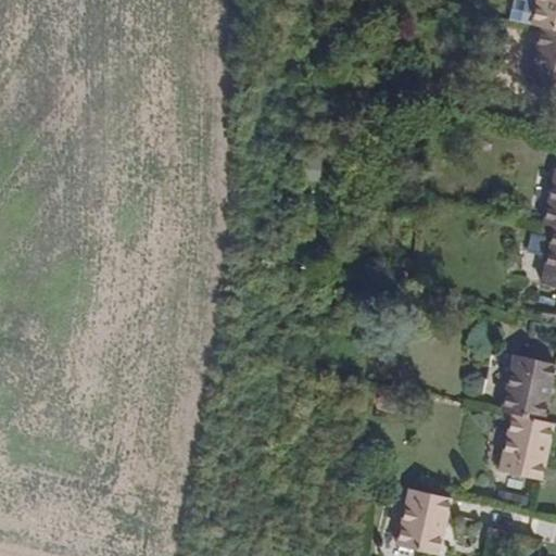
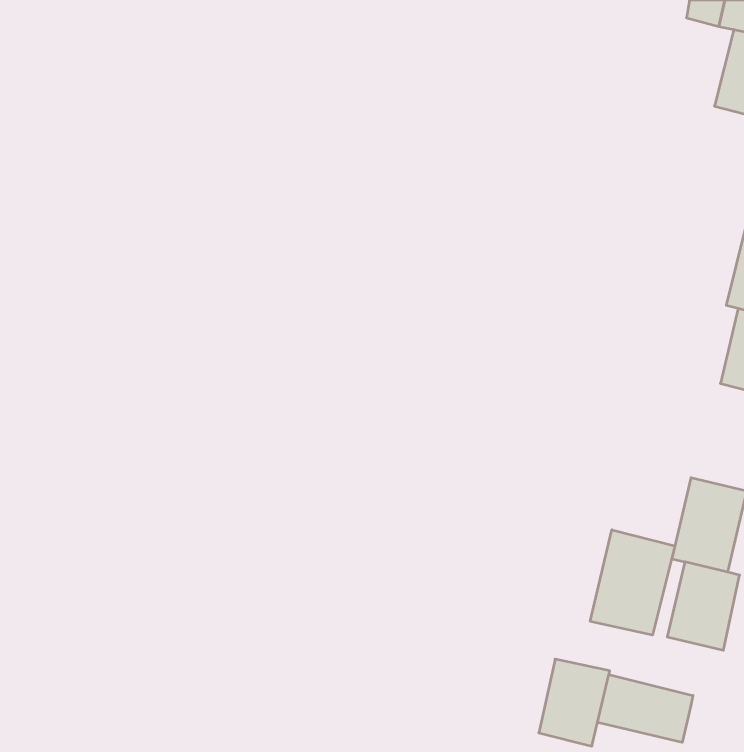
building: none -> [590,530,675,635]
building: none -> [598,674,693,742]

